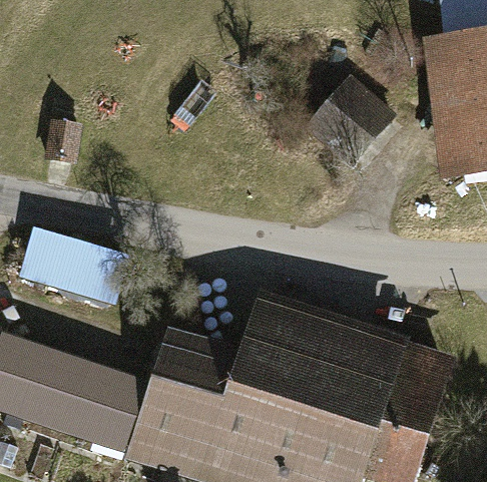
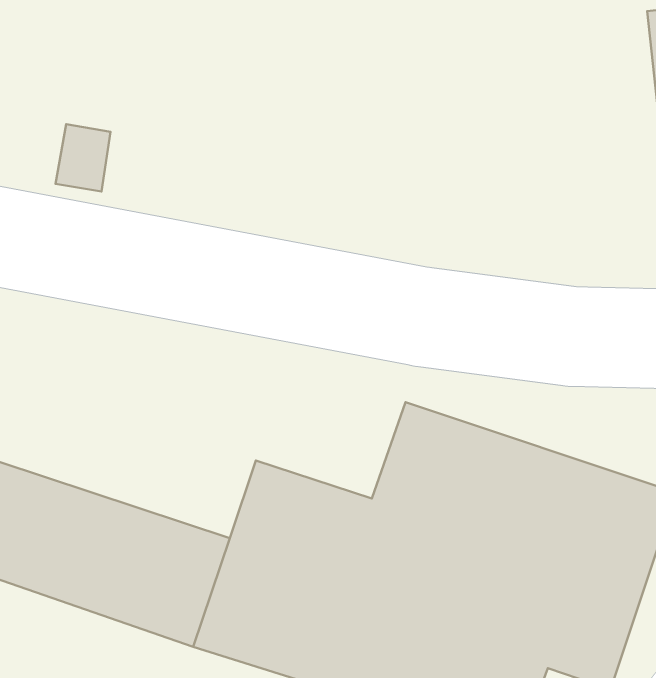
building: [307,77,388,159] -> none
building: [23,231,119,297] -> none

